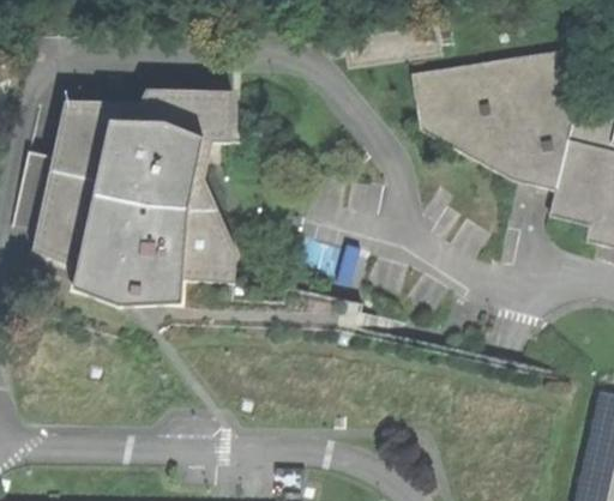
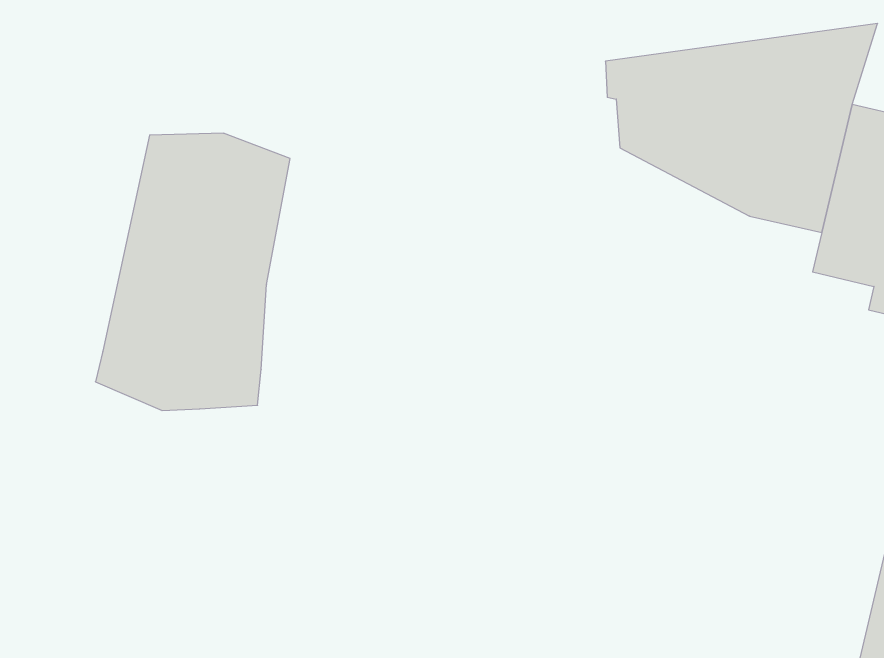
building: [32,91,237,284] -> none

